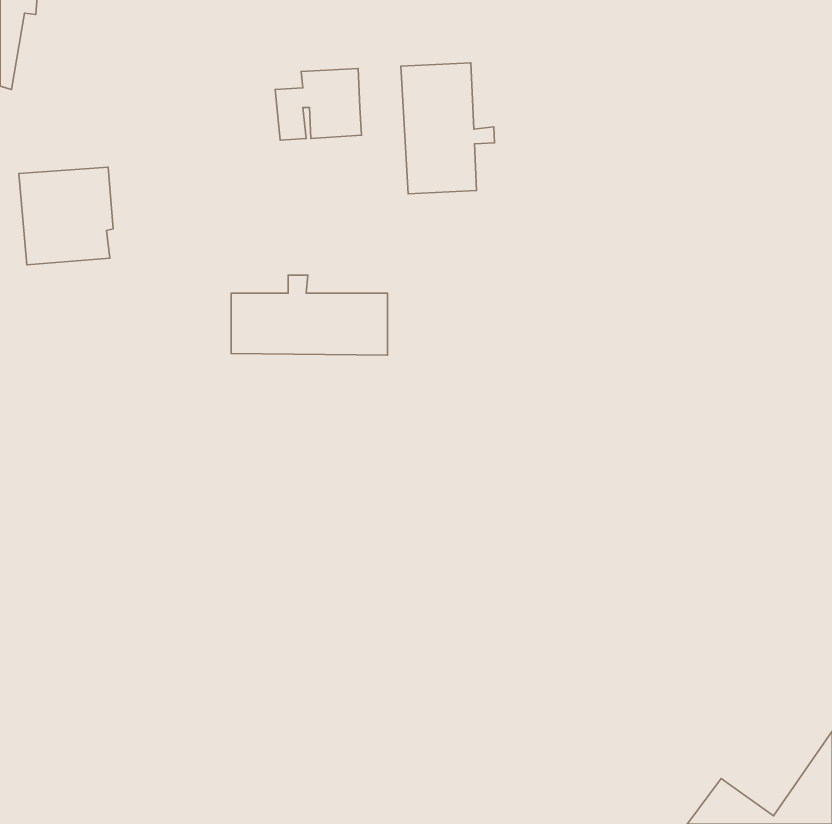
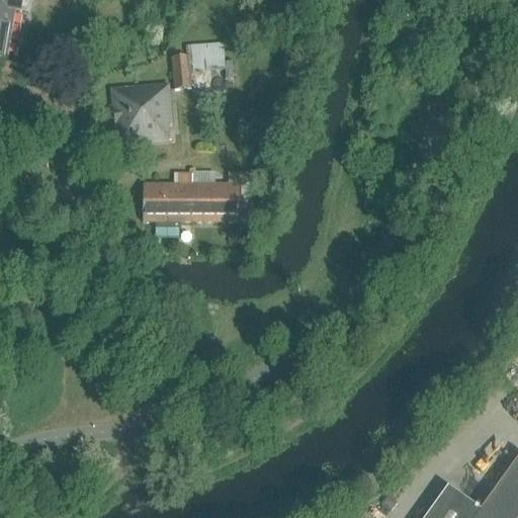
building: [401,63,495,194] -> none
building: [19,167,113,265] -> [111,83,170,144]

